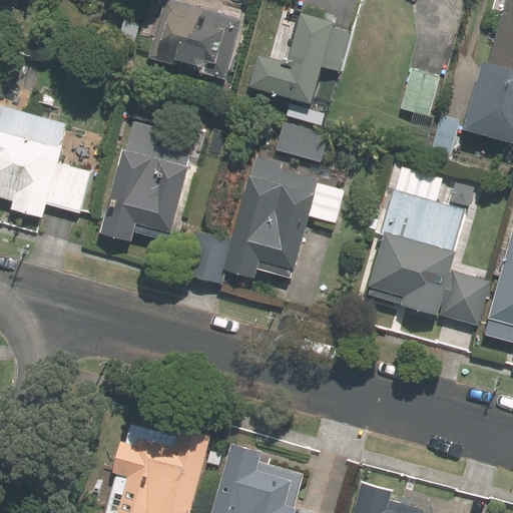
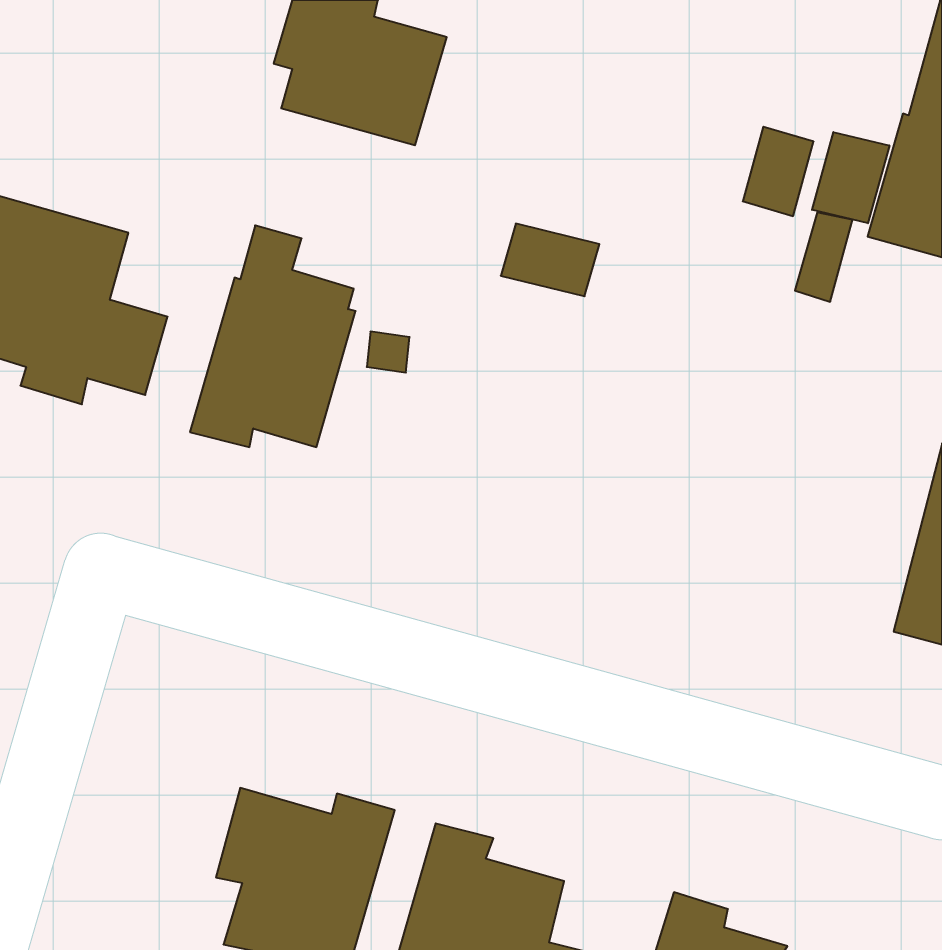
building: [252,13,349,103] -> none
building: none -> [812,132,889,223]
building: [178,155,310,283] -> none
building: [367,189,481,317] -> none

